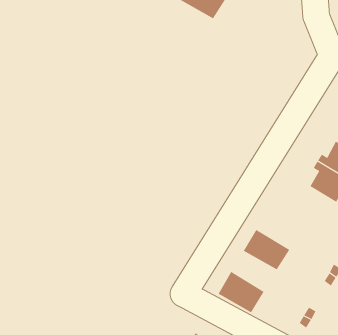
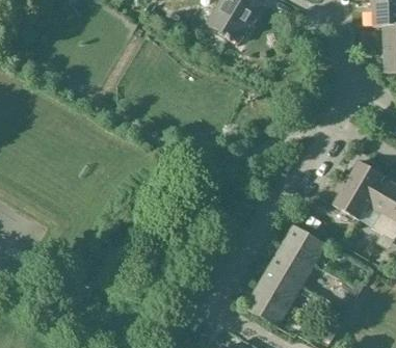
building: none -> [281,223,325,264]
building: none -> [257,265,301,304]

